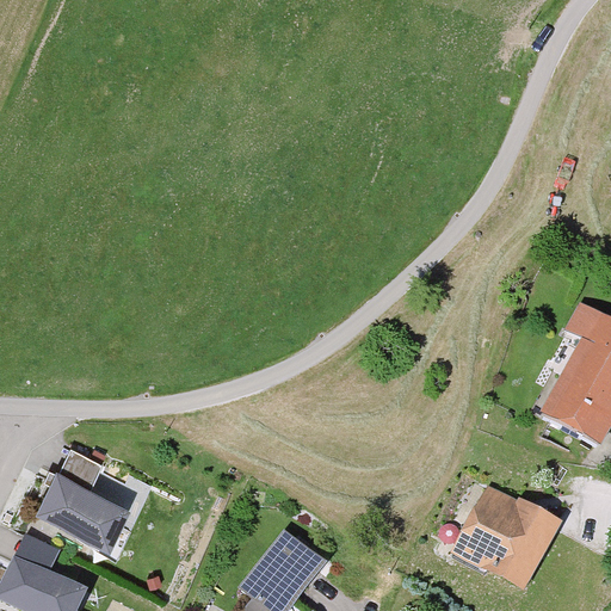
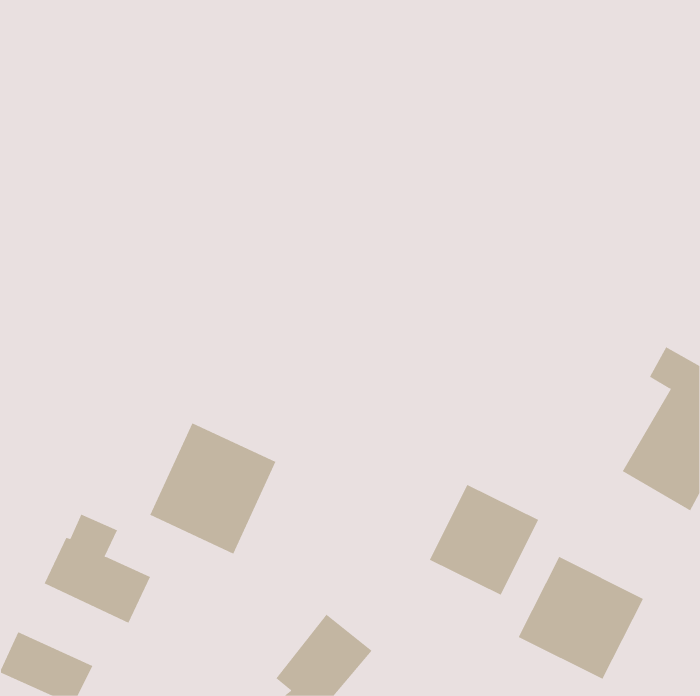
building: none -> [150,422,276,554]
building: none -> [429,484,539,595]

